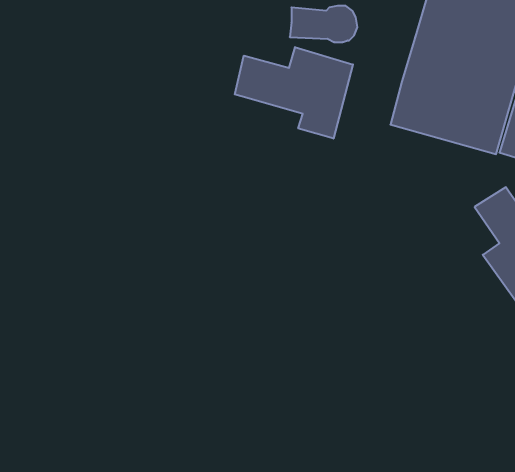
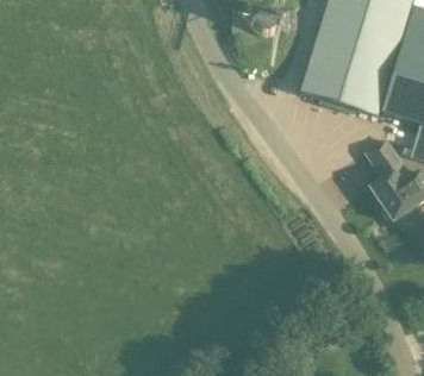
building: [235,47,353,139] -> none

